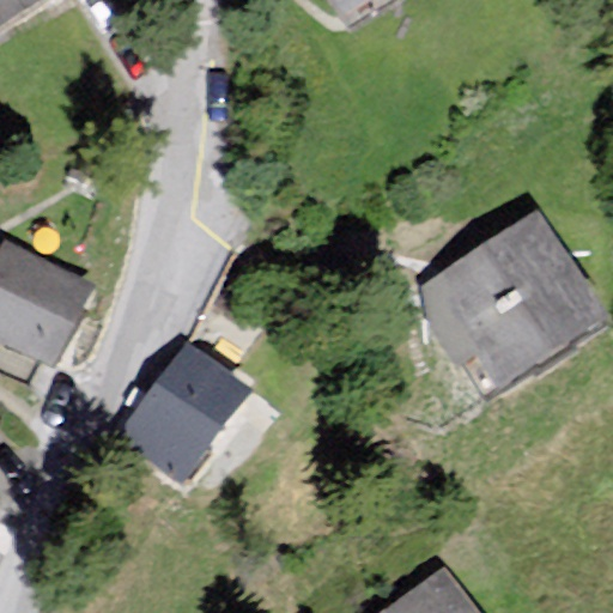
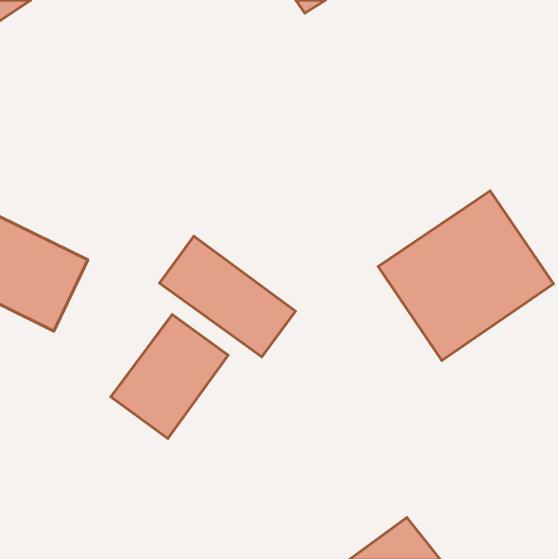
building: none -> [160,236,296,357]

